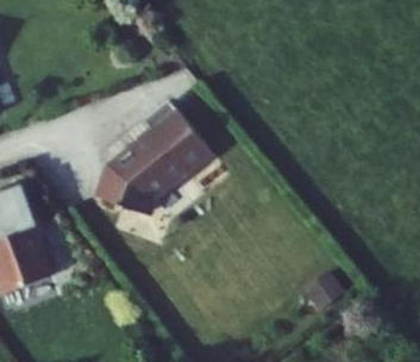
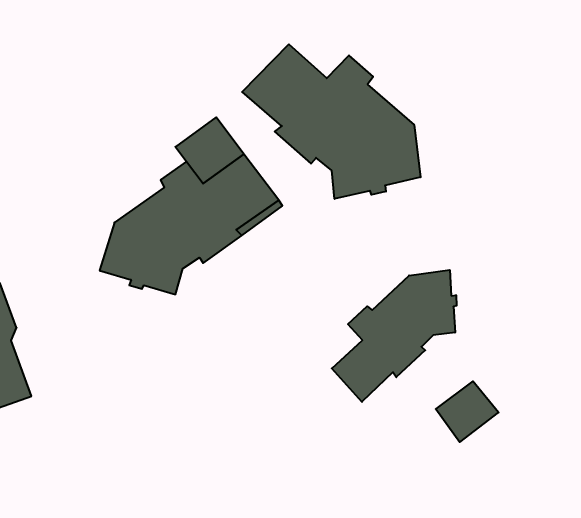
building: none -> [242,44,421,199]
building: none -> [332,270,457,402]

